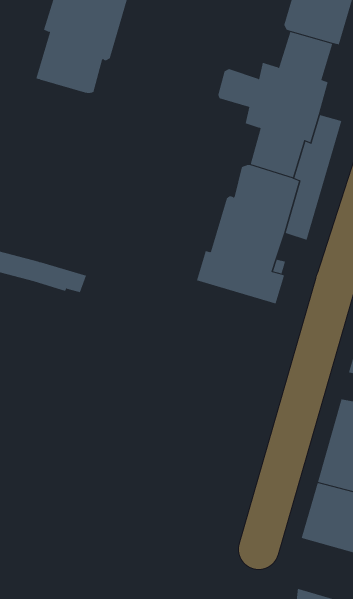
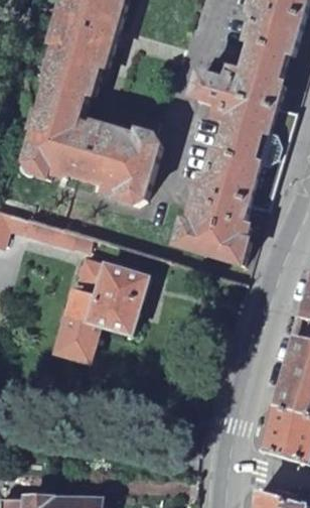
building: none -> [24,80,158,201]
building: none -> [55,263,146,363]

